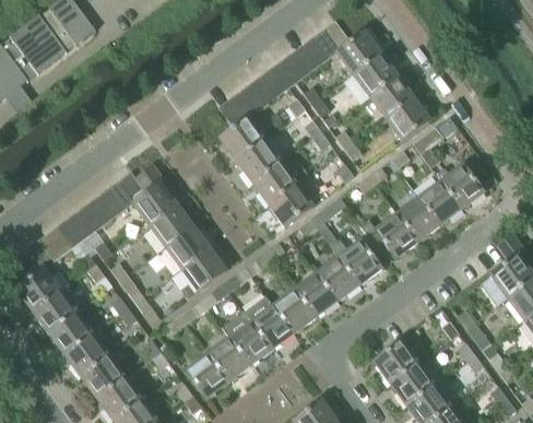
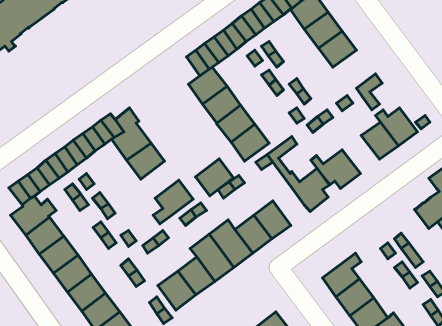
building: [387,98,429,140] -> none
building: [398,197,440,240] -> none
building: [166,226,210,269] -> [195,159,233,196]
building: [318,257,360,301] -> none

